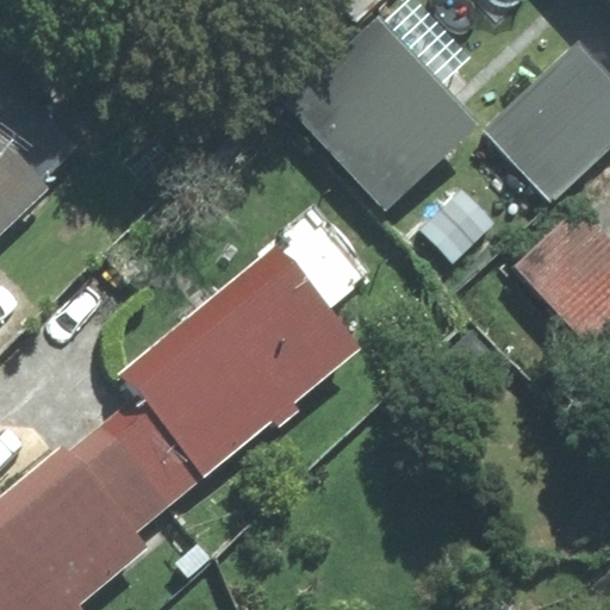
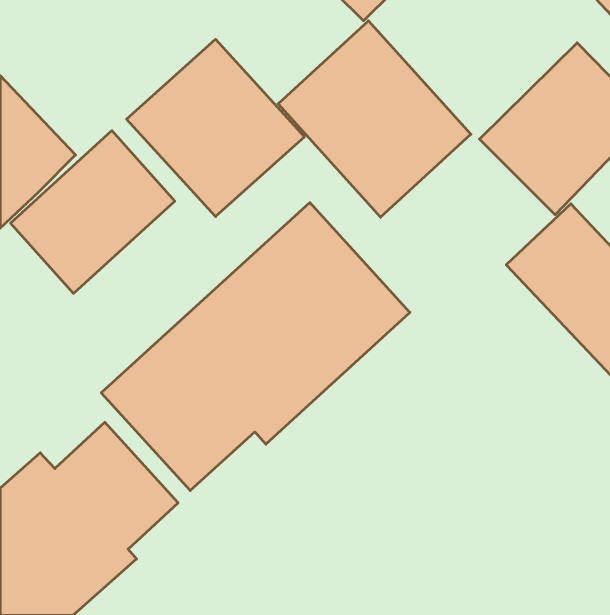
building: none -> [127,39,304,217]
building: none -> [11,131,175,293]

